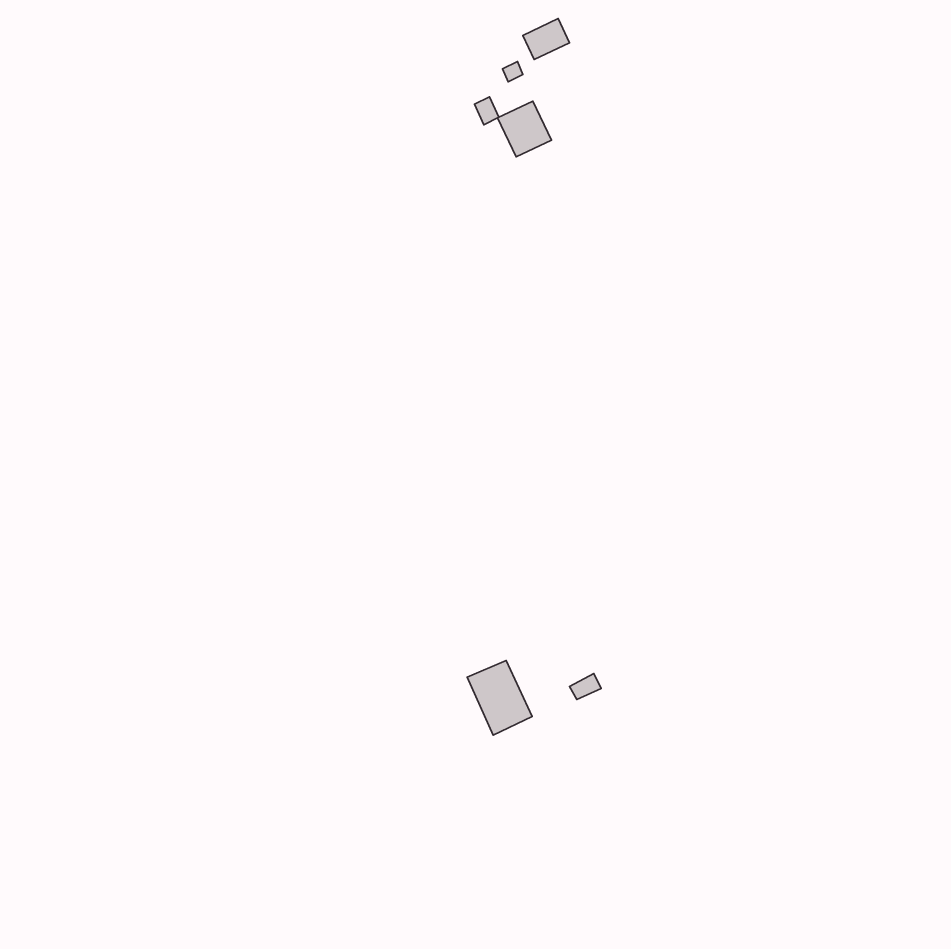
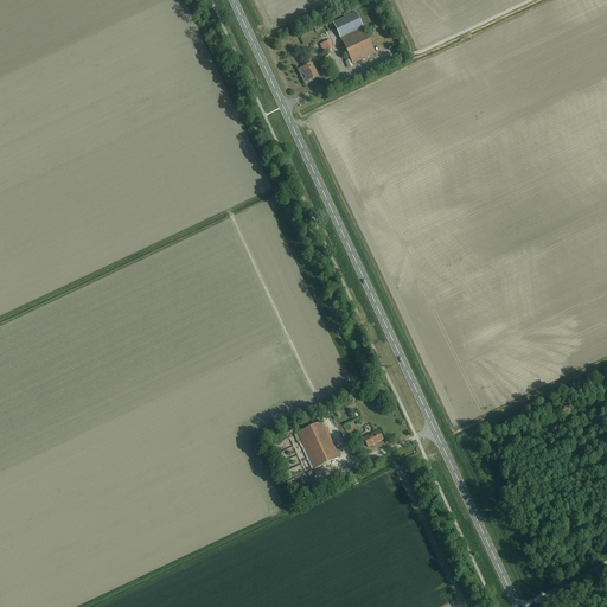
building: [497,101,551,157] -> [340,27,375,63]

